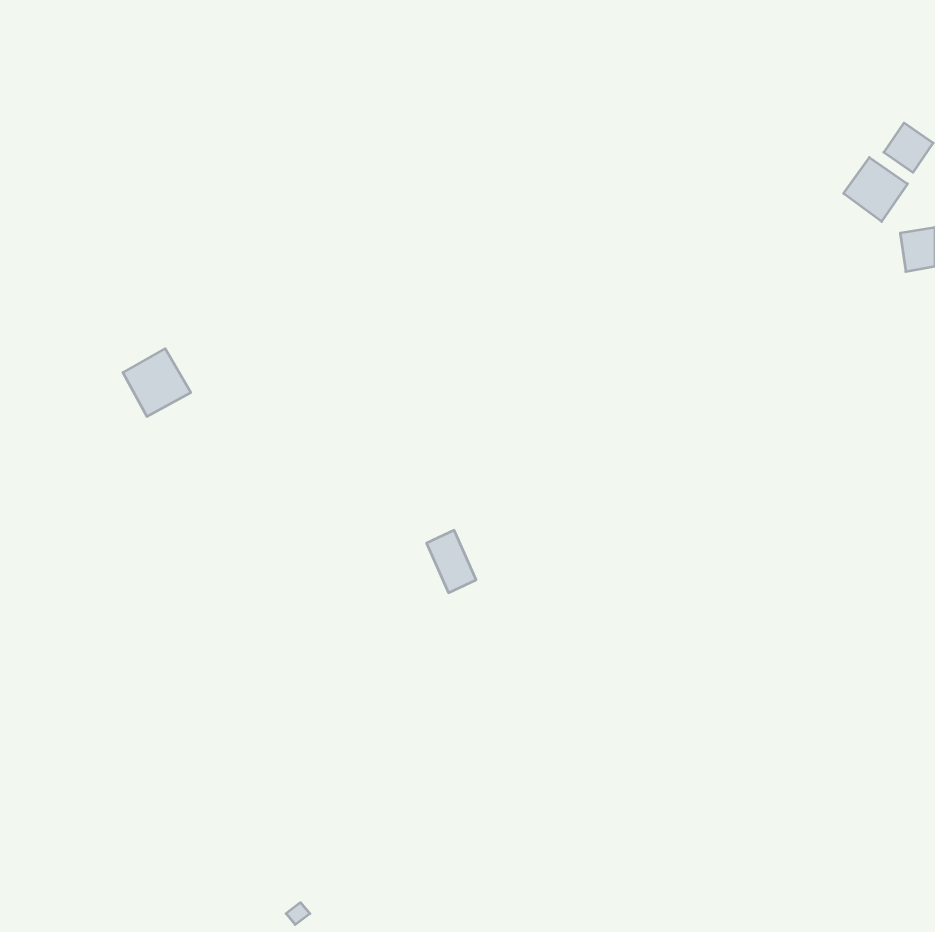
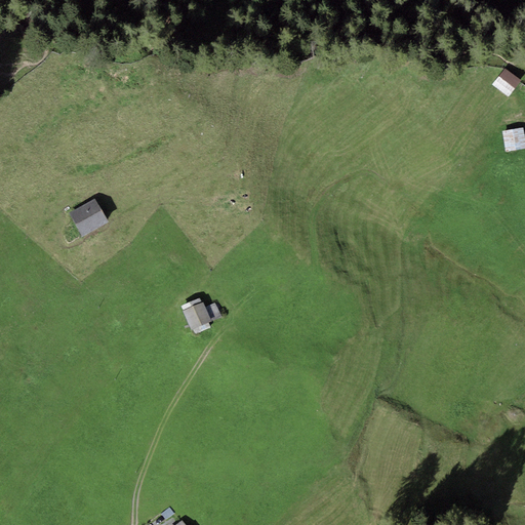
building: [844,157,908,222] -> none
building: [427,530,476,593] -> [185,299,212,334]

